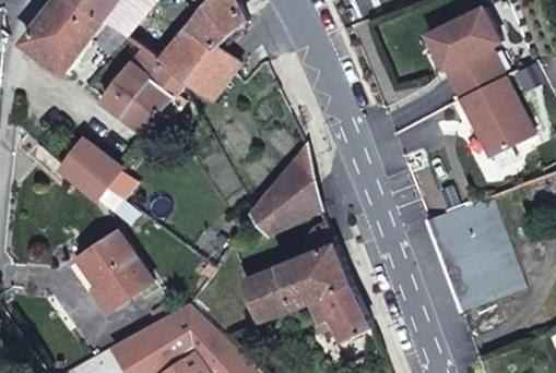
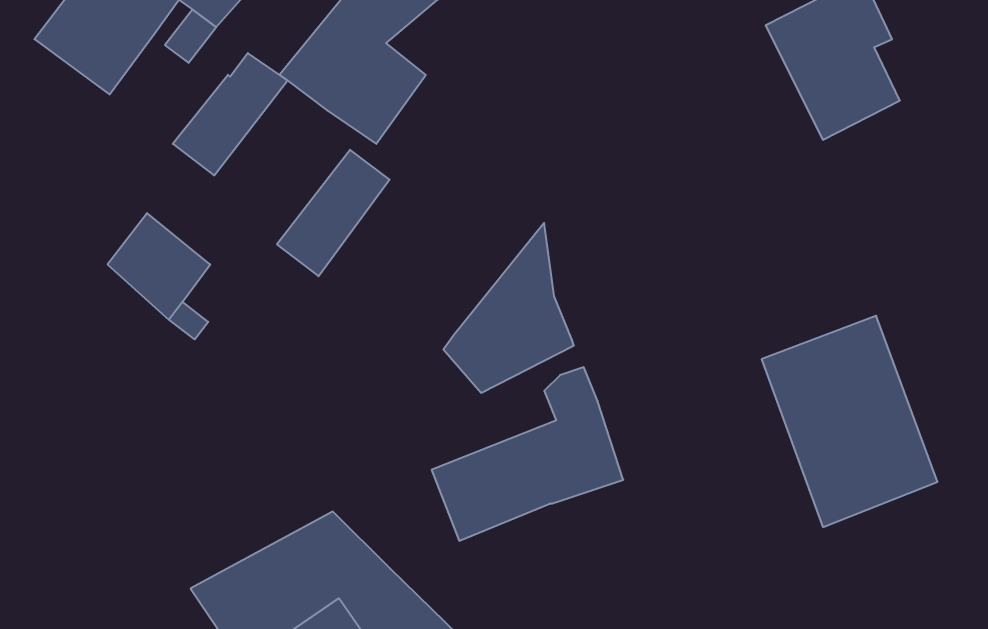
building: [121,65,184,135] -> [277,150,390,276]
building: [458,76,531,156] -> none
building: [78,231,151,311] -> none
building: [308,286,368,339] -> none

